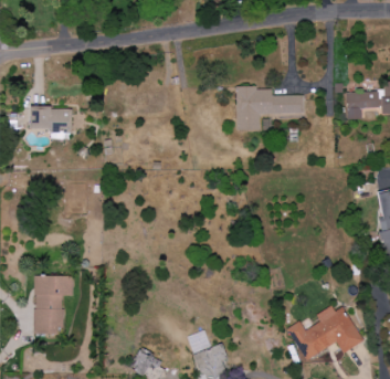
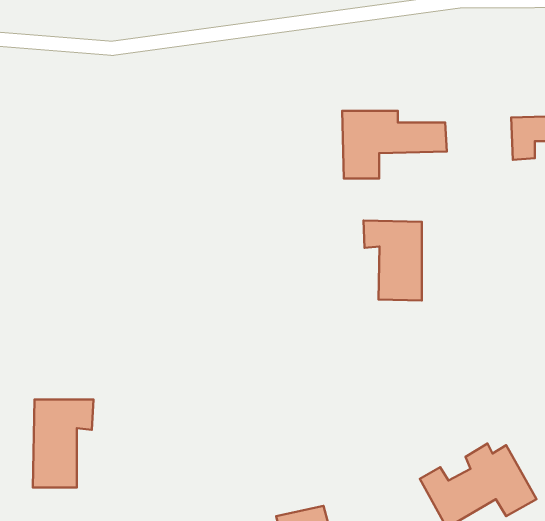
building: [30,107,72,133] -> none
building: none -> [363,221,422,300]

